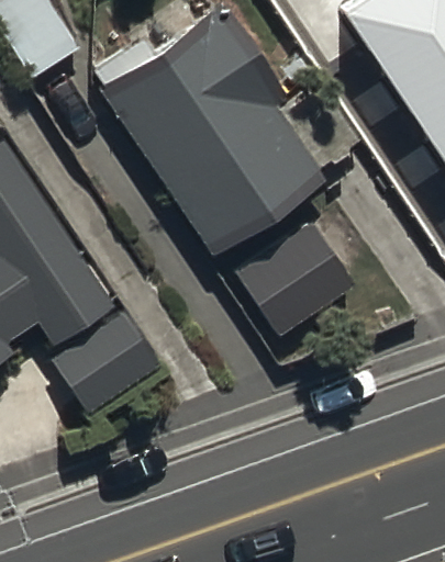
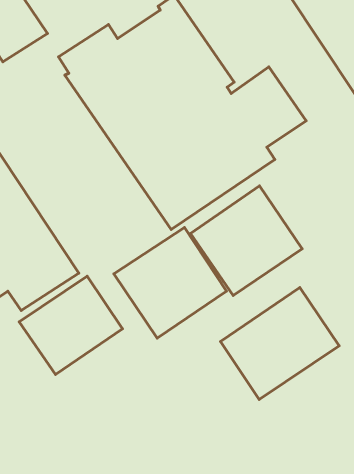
building: none -> [114,227,227,338]
building: none -> [221,288,339,399]

